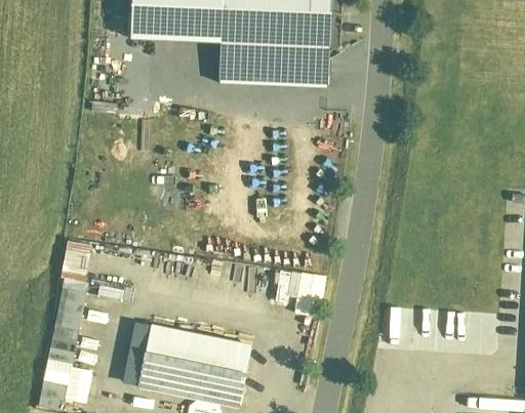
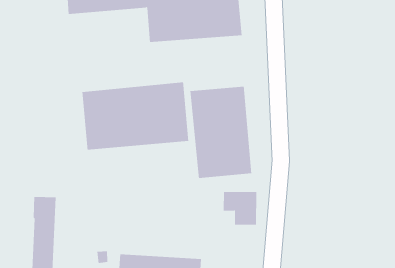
building: none -> [82,82,189,150]
building: none -> [190,86,252,179]

